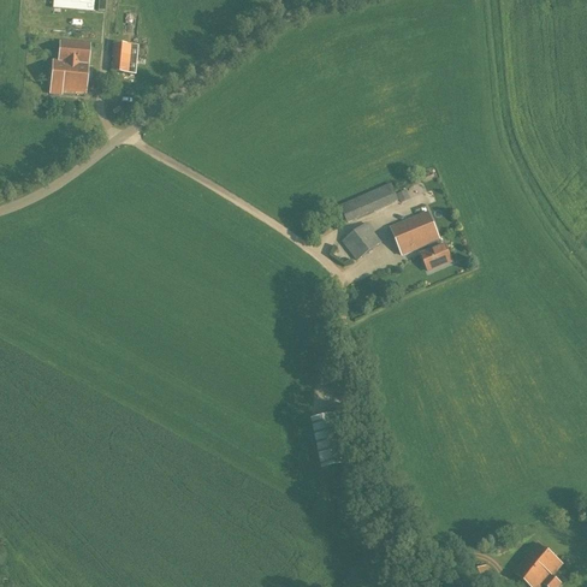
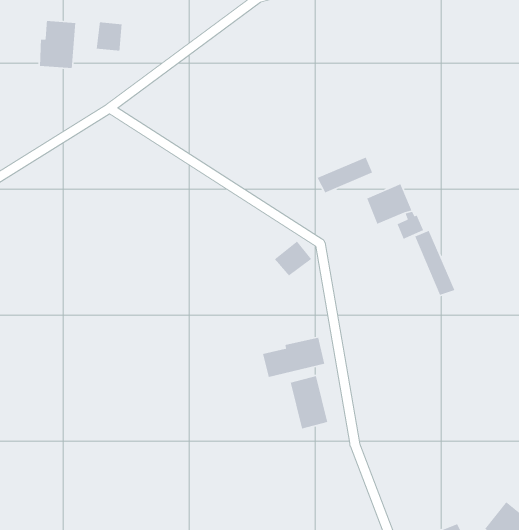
building: [342,221,381,259] -> [274,241,312,276]
building: none -> [414,230,456,296]
building: none -> [262,337,325,378]

